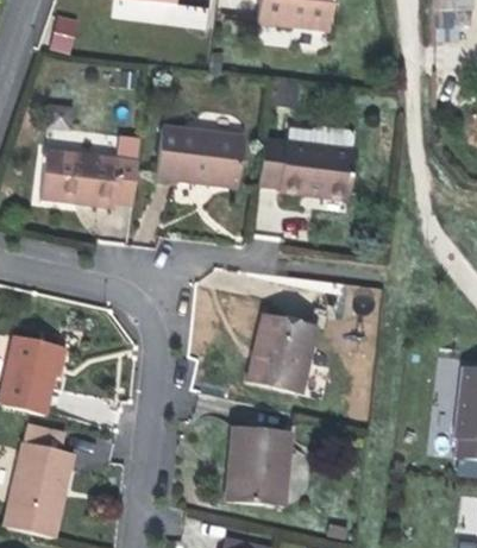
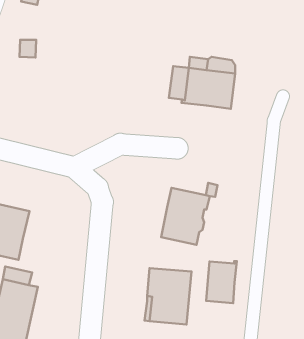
building: [156,125,245,188] -> none
building: [40,150,139,207] -> none
building: none -> [206,261,237,303]

